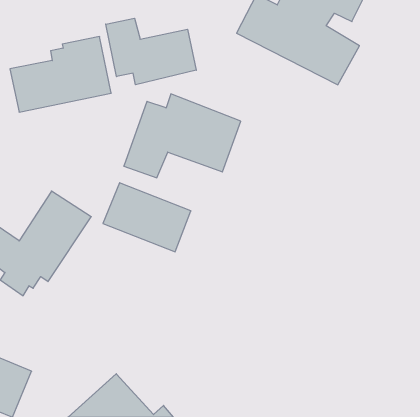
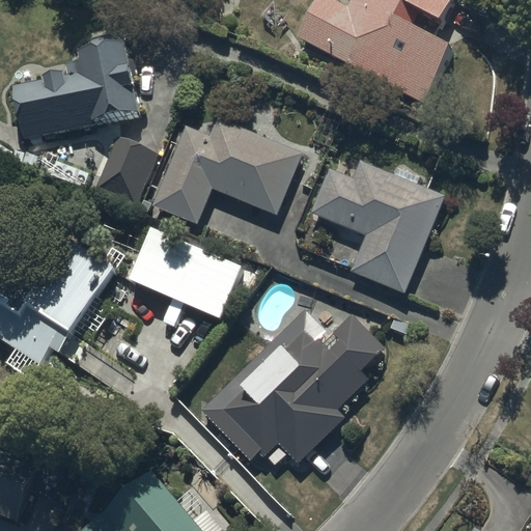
building: [106,18,196,85] -> none
building: none -> [93,136,157,203]
building: none -> [309,161,443,295]
building: none -> [199,310,383,467]

